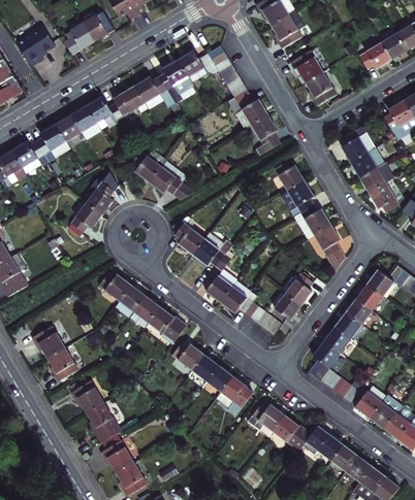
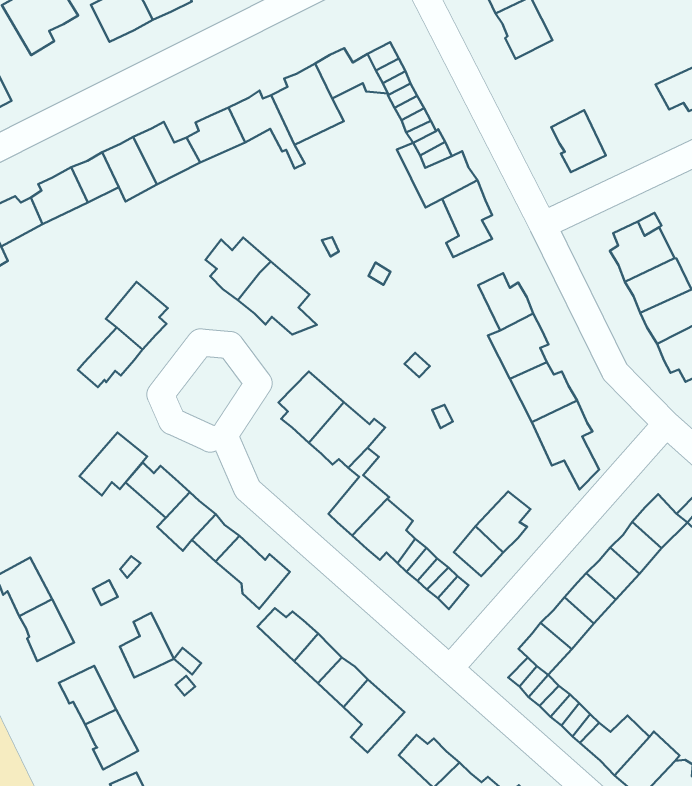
building: [291,51,321,81] -> none
building: none -> [80,433,147,495]
building: none -> [120,613,174,678]

